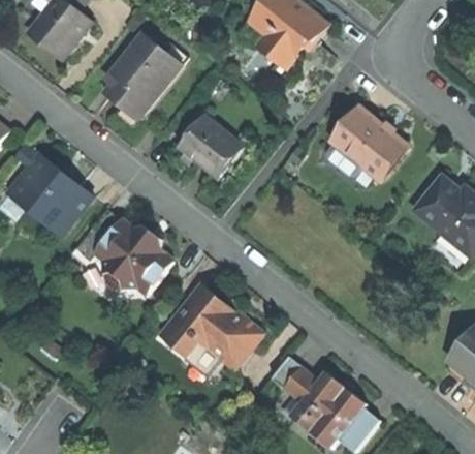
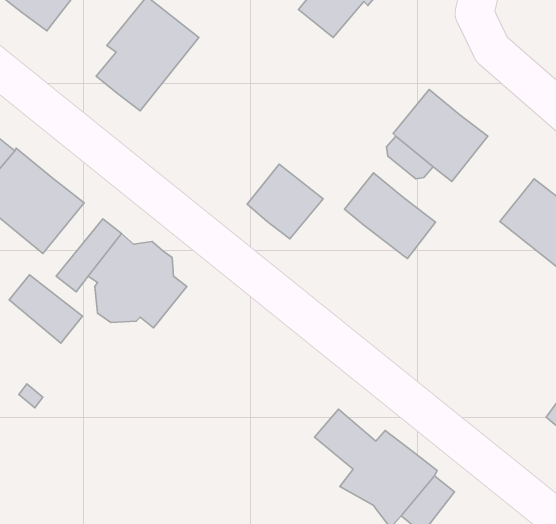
building: [180,116,239,174] -> [247,164,323,239]
building: none -> [344,173,435,258]
building: none -> [9,275,82,343]
building: [161,285,262,374] -> none

